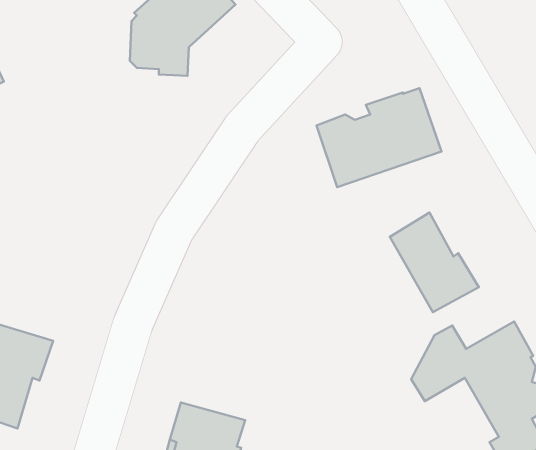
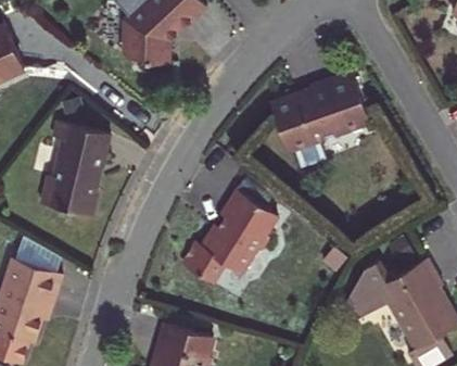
building: none -> [41,119,111,215]
building: [390,213,479,312] -> none
building: none -> [182,188,278,282]

